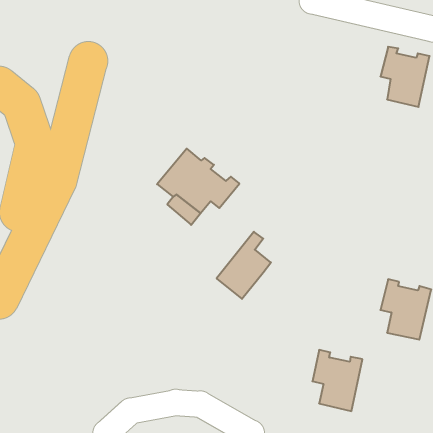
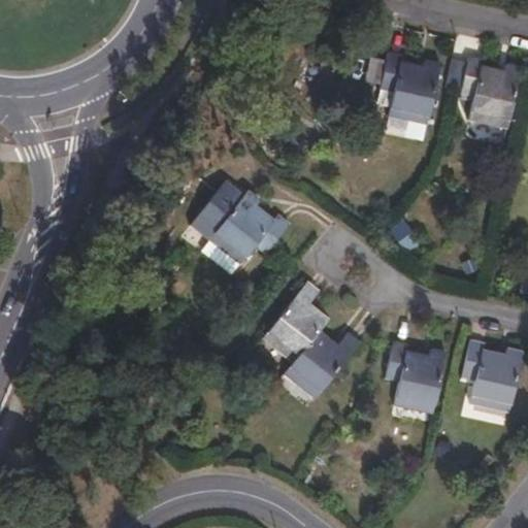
building: none -> [382,52,441,125]
building: none -> [285,331,359,399]
building: [312,350,362,411] -> [386,340,447,415]

